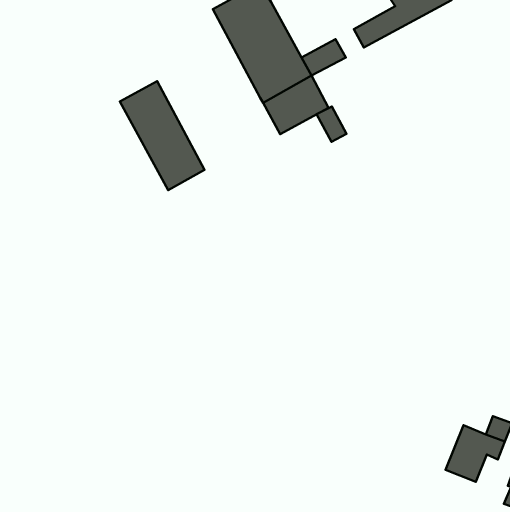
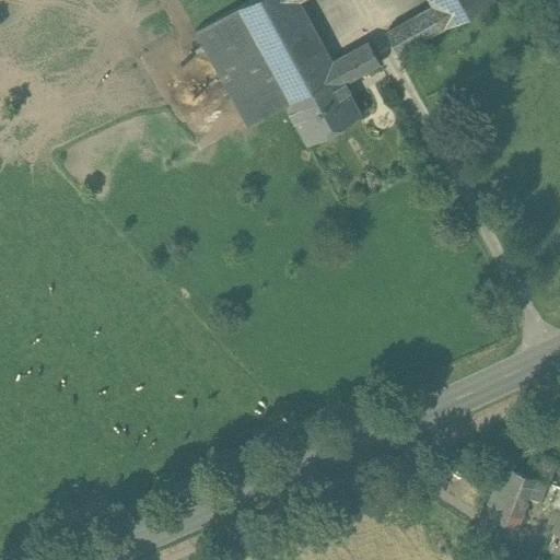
building: [120,81,205,190] -> [196,10,288,128]
building: [317,106,347,142] -> none

